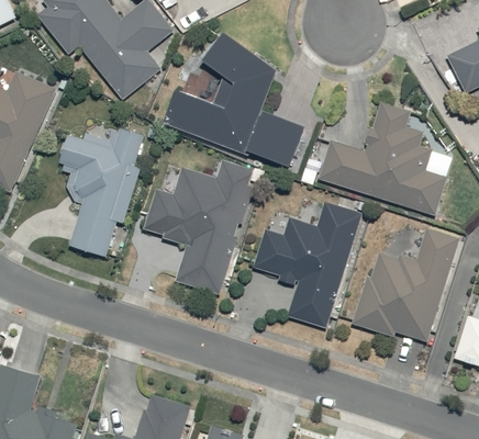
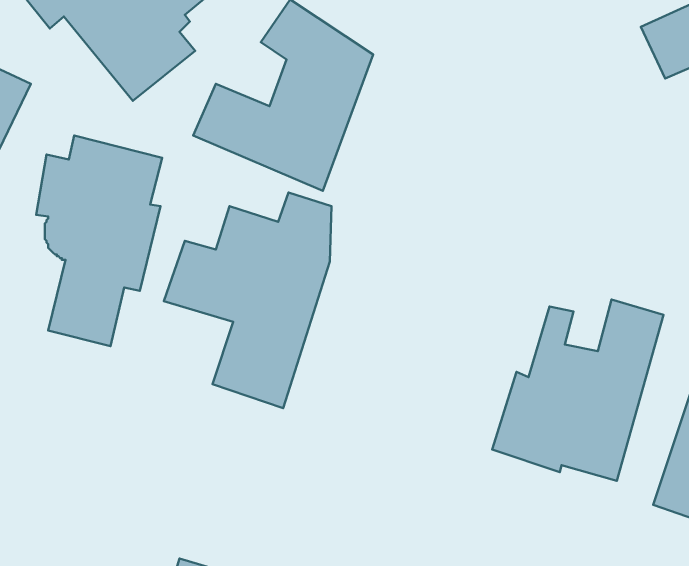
building: [319,104,452,217] -> none
building: [250,114,303,166] -> none
building: [252,203,365,326] -> none

